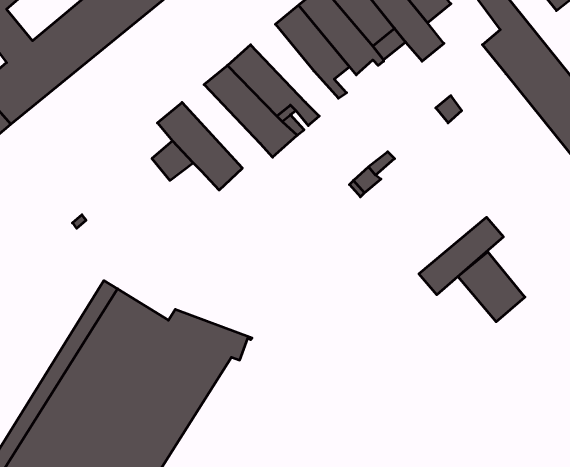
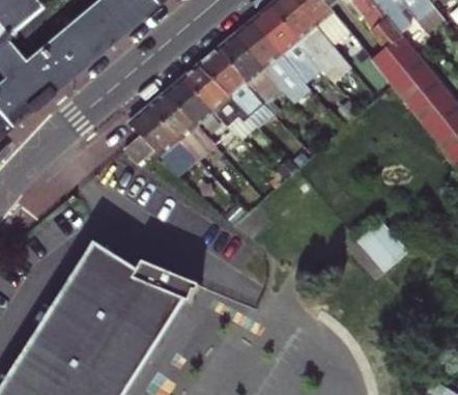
building: none -> [199,48,265,107]
building: none -> [147,93,206,161]
building: [419,217,503,295] -> none

